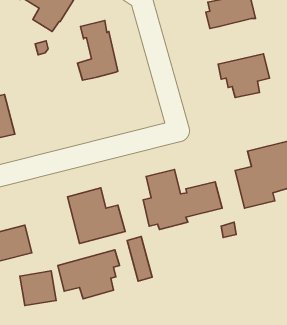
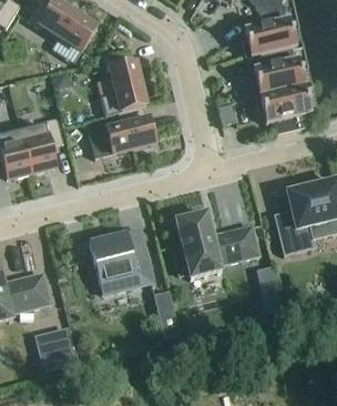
building: none -> [251,47,305,97]
building: none -> [89,105,155,158]
building: none -> [21,116,63,173]
building: [58,250,120,299] -> none

